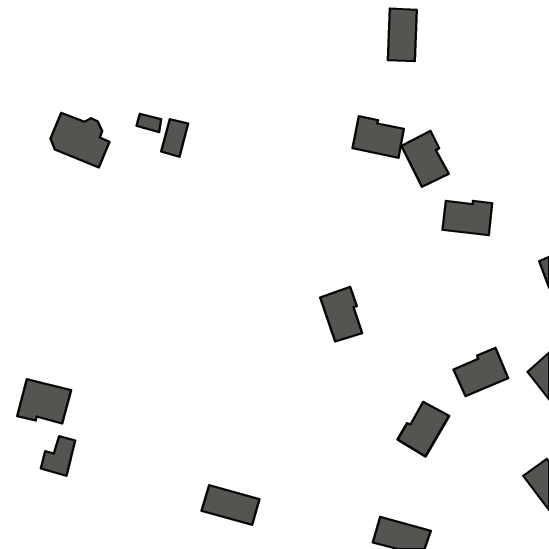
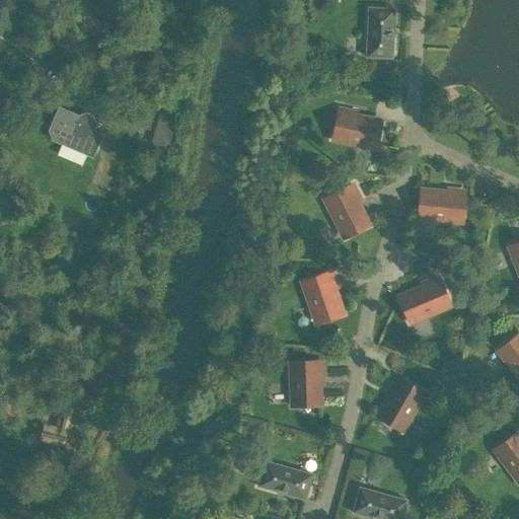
building: [401,131,449,187] -> [324,184,369,237]
building: [454,348,508,396] -> [398,277,450,322]
building: [17,379,71,423] -> none
building: none -> [290,361,321,405]
building: [202,485,260,525] -> [257,461,312,499]

